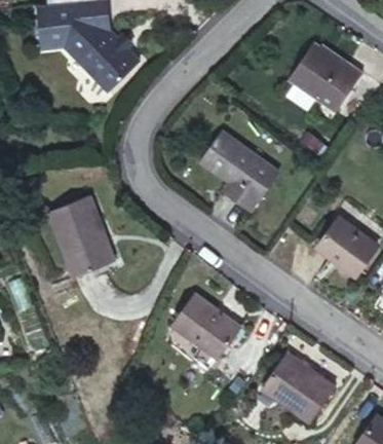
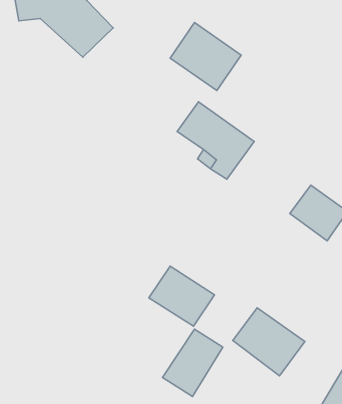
building: [289,43,360,112] -> [170,23,241,91]
building: [48,198,119,285] -> none
building: none -> [162,329,223,397]

